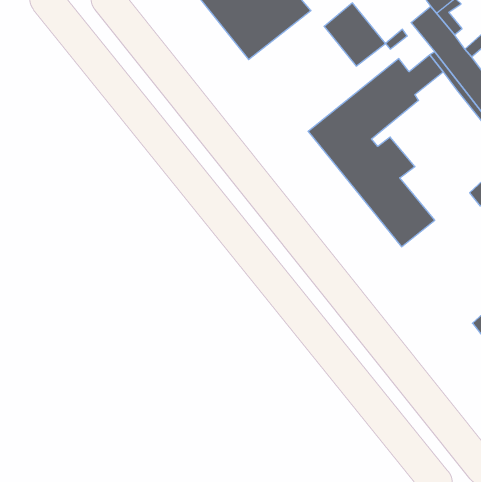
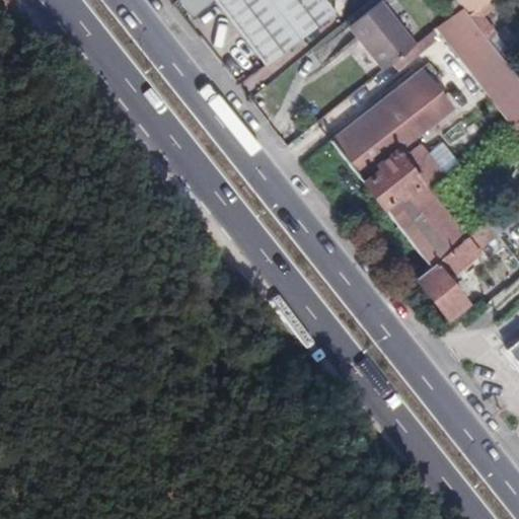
building: none -> [417,220,500,319]

